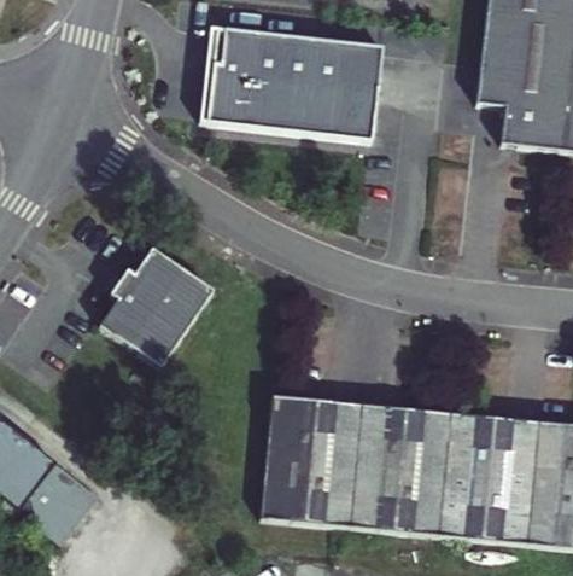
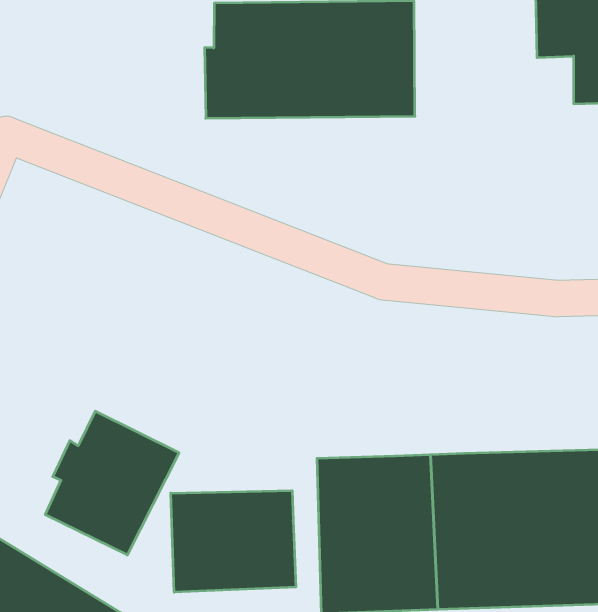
building: [104,244,215,360] -> [45,411,179,555]
building: none -> [171,491,296,592]

